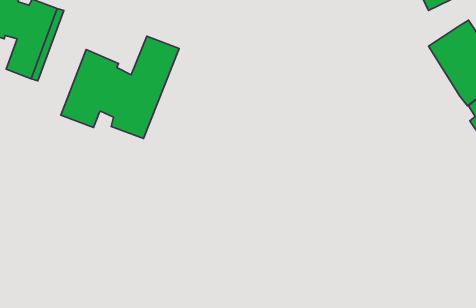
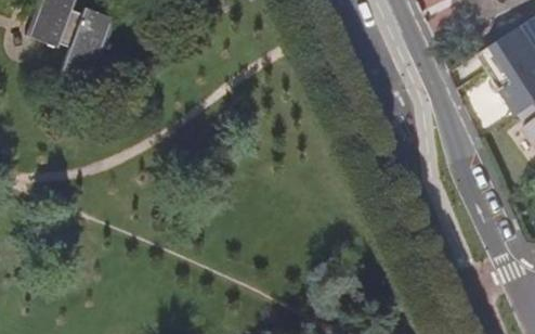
building: [61,36,179,138] -> none

